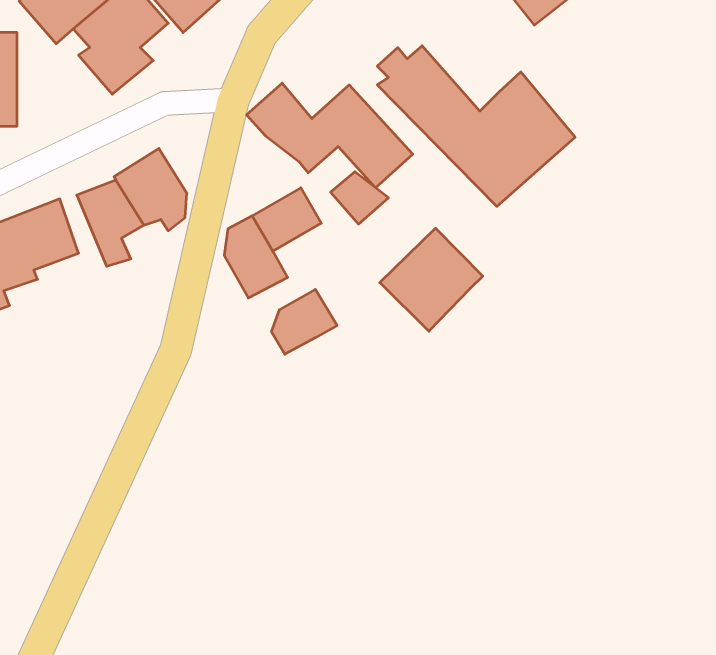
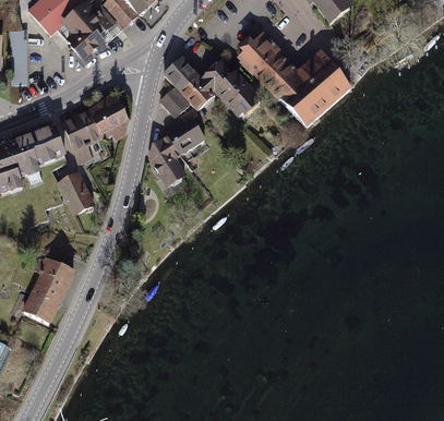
building: [331,172,388,224] -> [159,87,193,118]
building: [380,228,483,331] -> none
building: none -> [57,172,95,216]
building: [272,289,337,354] -> none
building: none -> [24,258,74,324]

